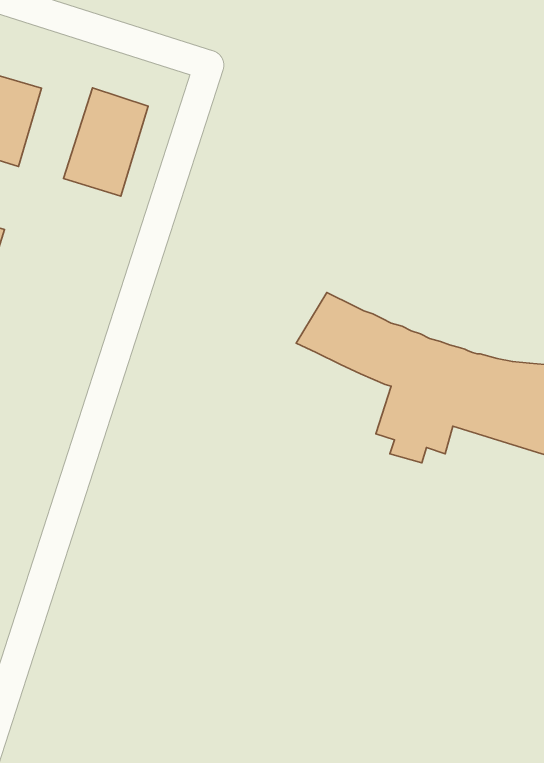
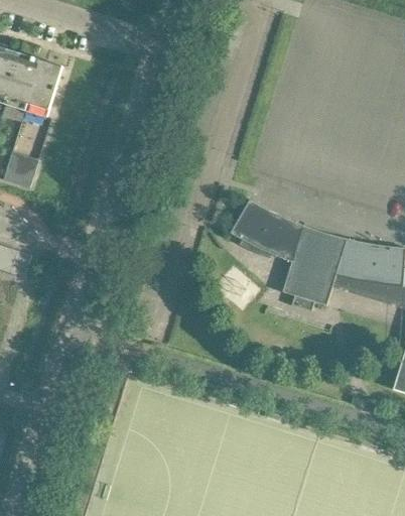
building: [64,88,148,196] -> none

